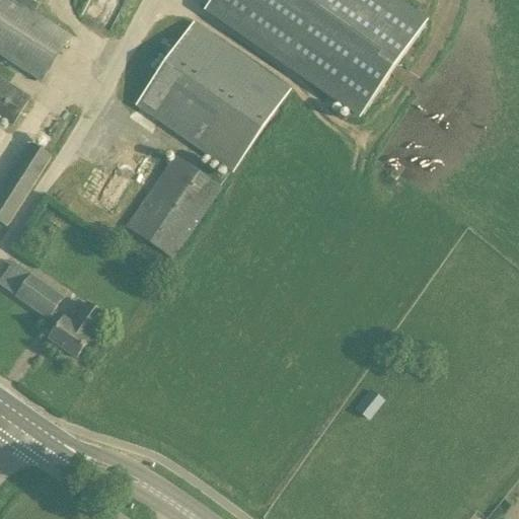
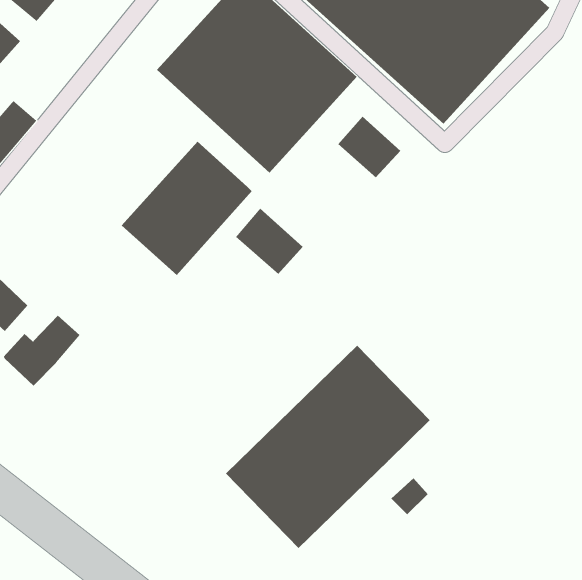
building: none -> [337,116,401,178]
building: none -> [235,208,304,275]
building: none -> [225,345,430,549]

